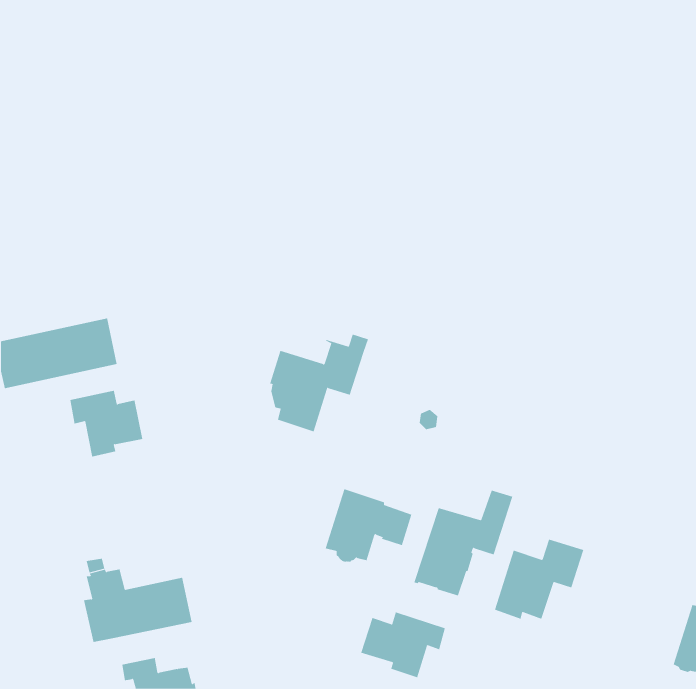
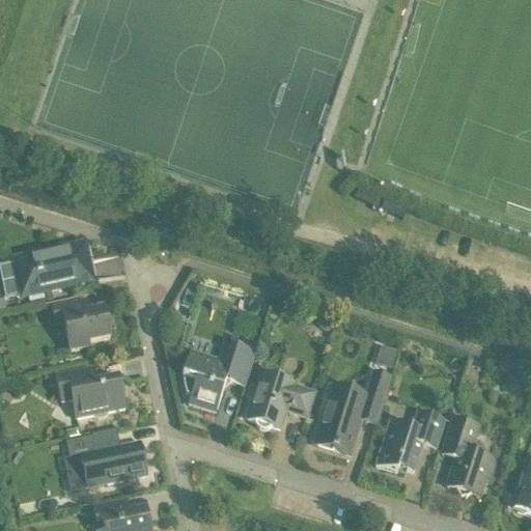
building: [269,334,369,432] -> [183,336,258,411]
building: none -> [57,365,125,415]
building: none -> [444,416,496,495]
building: [361,611,445,678] -> none

